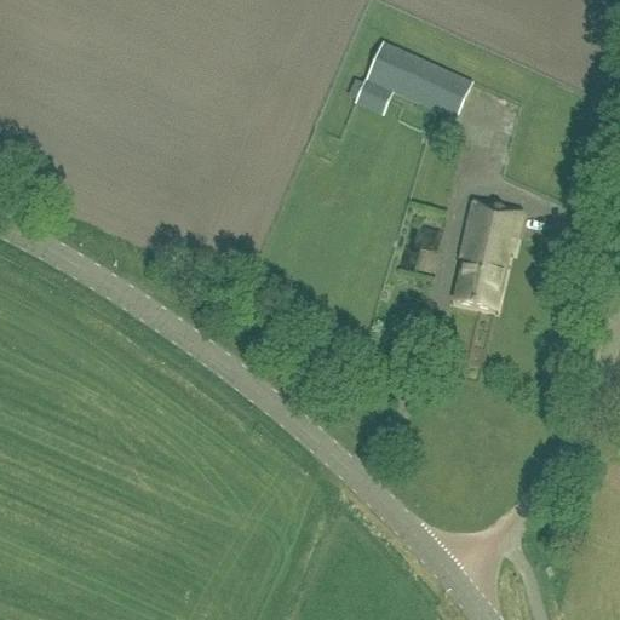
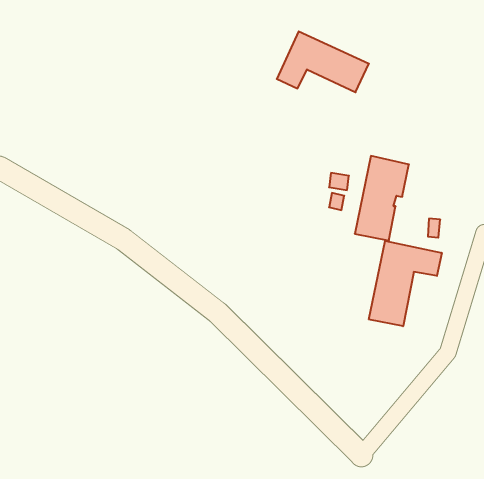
building: none -> [369,241,442,326]

